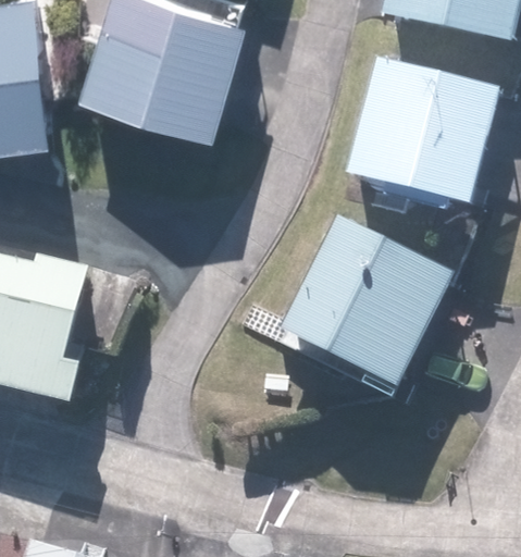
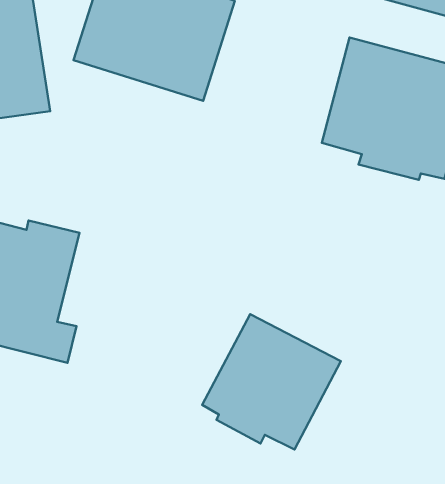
building: [276,212,455,387] -> none
building: none -> [202,314,341,449]

